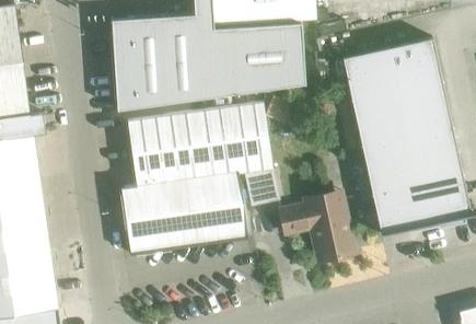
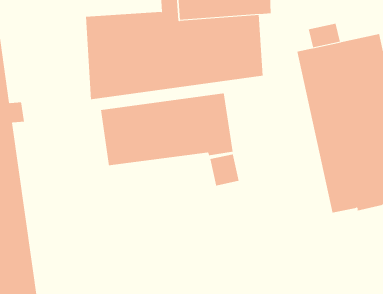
building: none -> [308,23,340,48]
building: [123,169,248,253] -> none
building: [281,197,356,262] -> none

